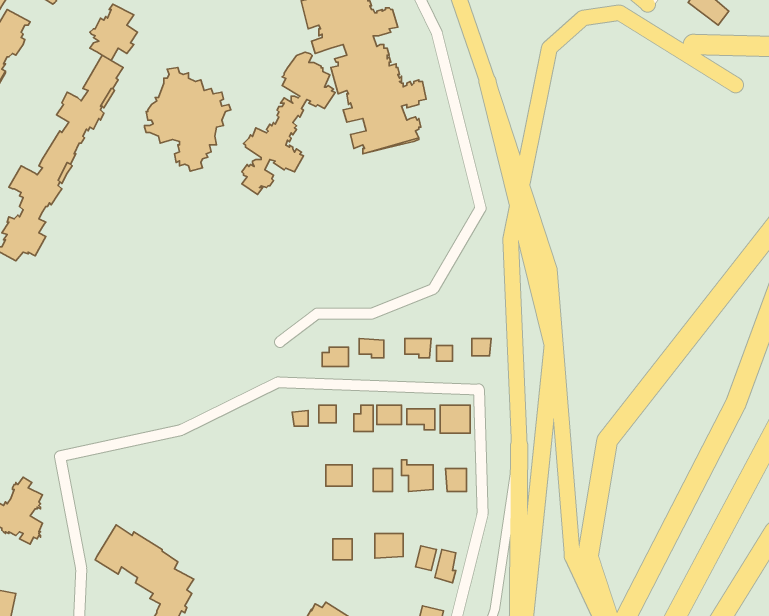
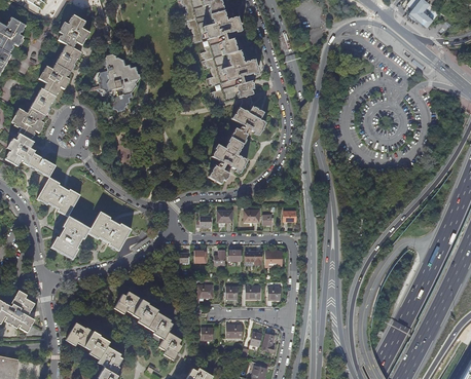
building: [242,52,335,195] -> [212,101,266,184]
building: none -> [27,151,132,260]
building: none -> [115,292,182,358]

